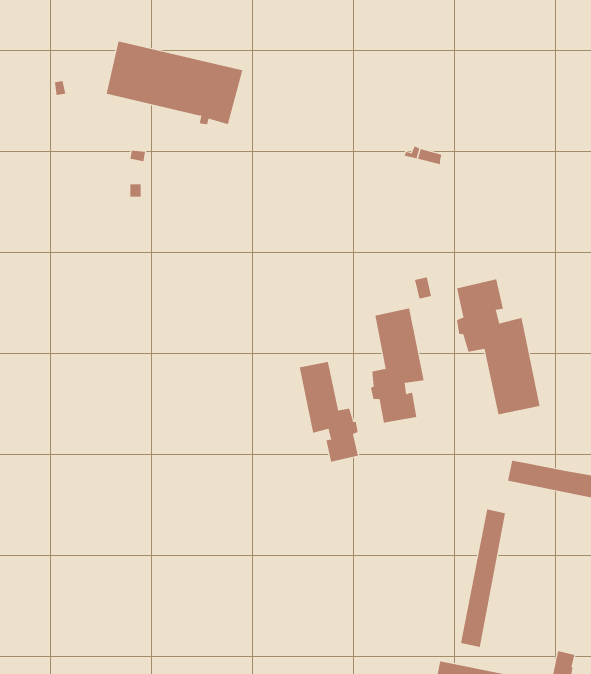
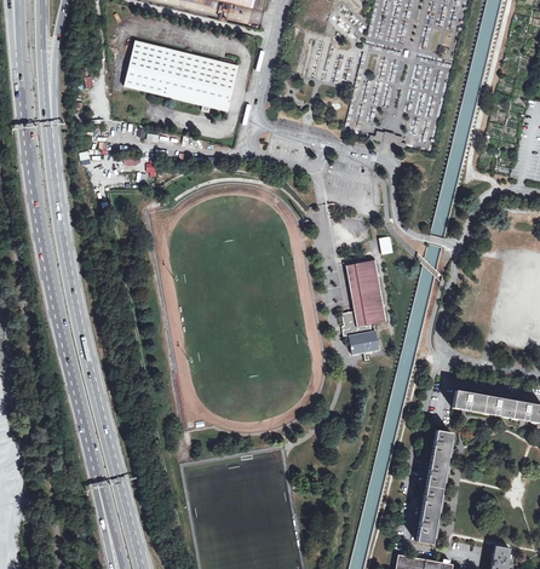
building: [456,279,540,415] -> none
building: [299,361,358,463] -> none

